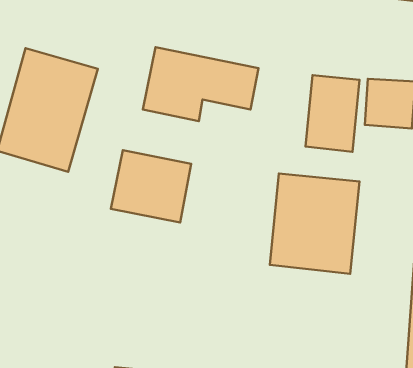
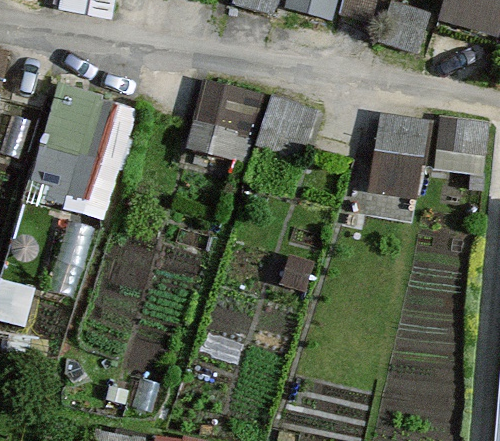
building: [111,150,191,223] -> none
building: [270,174,359,274] -> none

